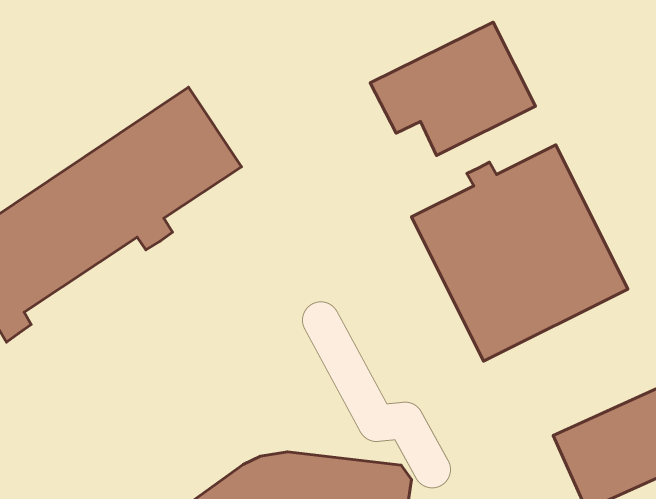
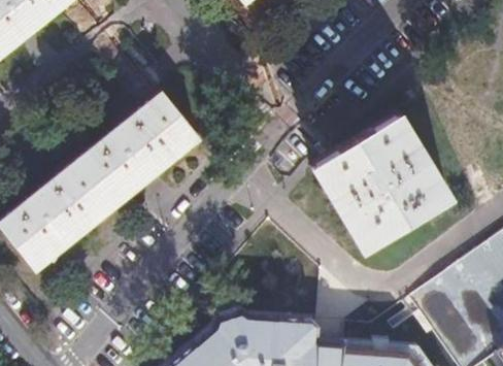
building: [370,22,535,156] -> none

